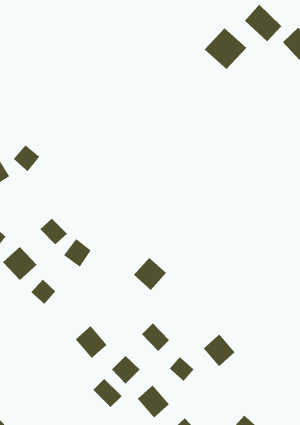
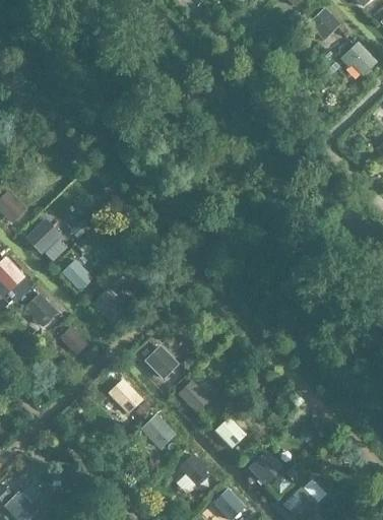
building: [204,27,247,70] -> none
building: [13,145,40,172] -> [29,225,61,257]
building: [133,257,167,291] -> [142,342,181,381]
building: [203,333,236,367] -> [250,448,288,486]
building: [92,378,122,408] -> none

